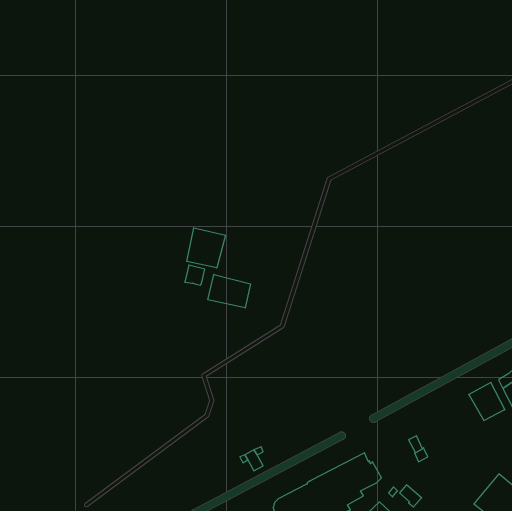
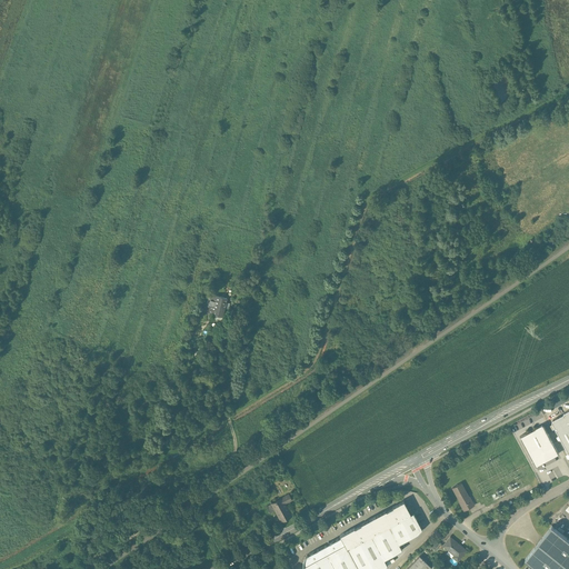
building: [187,228,225,268] -> none
building: [208,274,250,308] -> none

